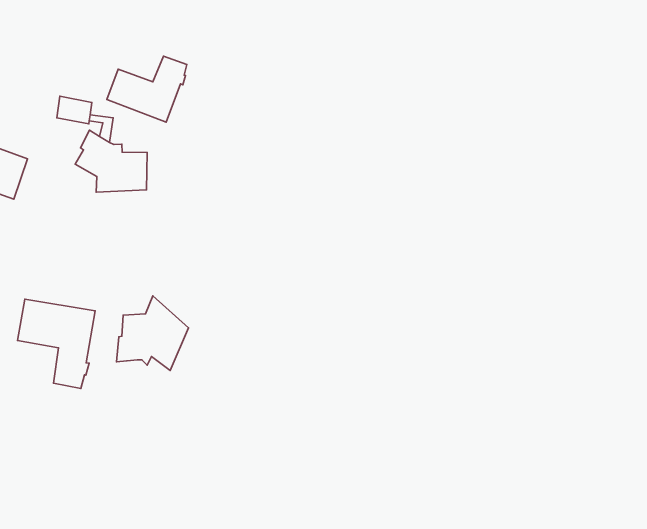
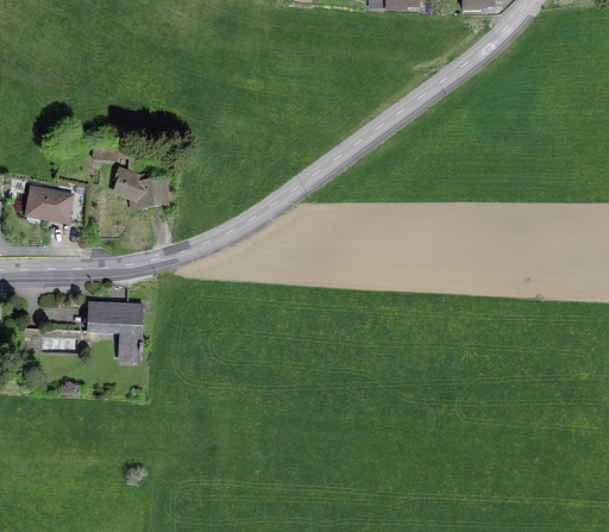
building: [107,56,187,122] -> none
building: [116,296,189,371] -> none

